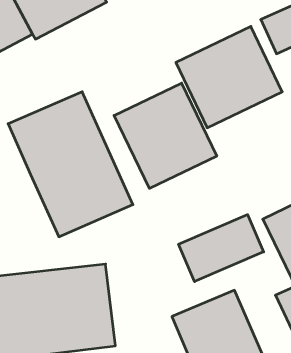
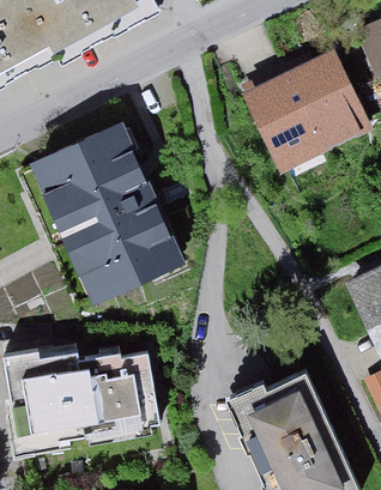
building: [114,83,217,188] -> none
building: [179,215,264,282] -> none

